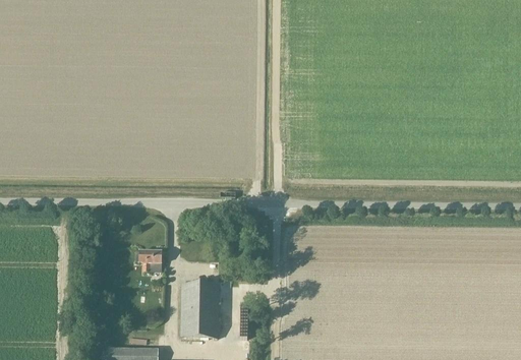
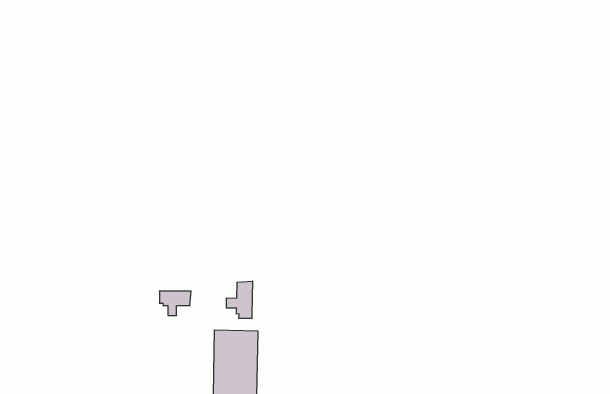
building: none -> [226,281,253,319]

